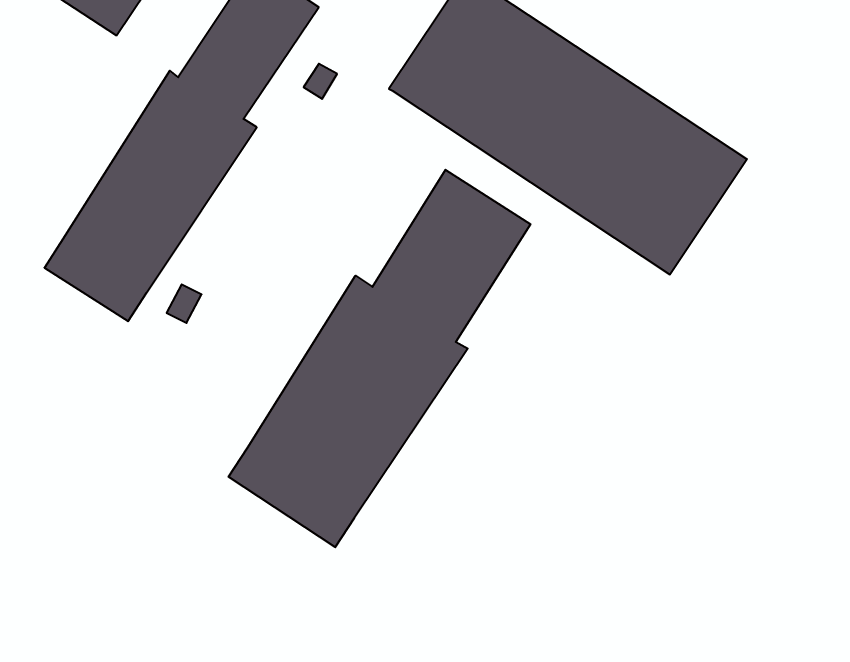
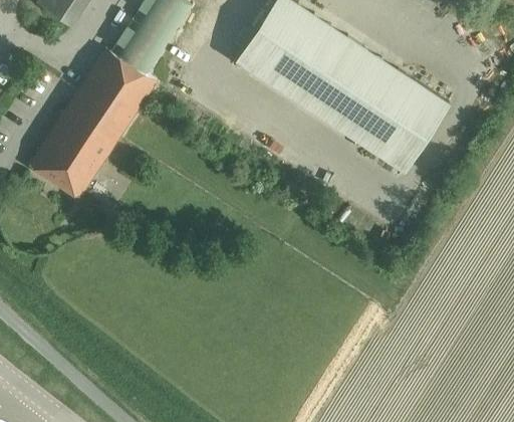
building: [229,170,530,547] -> none

